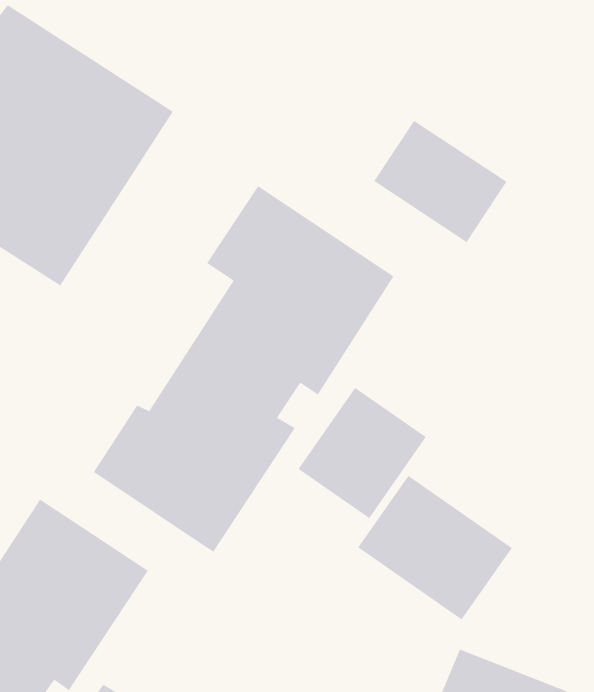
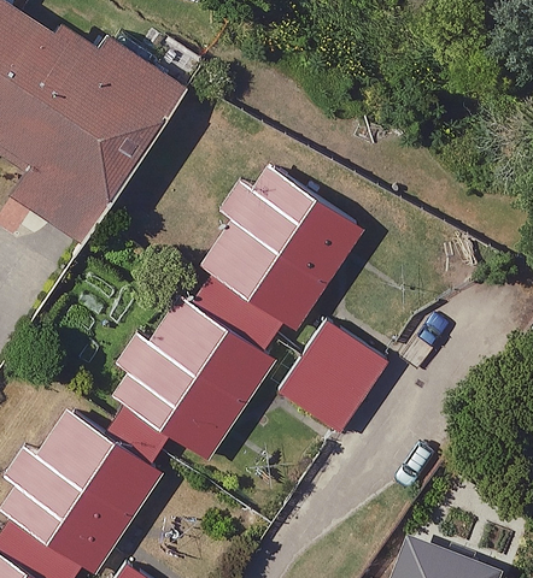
building: [373,120,508,243] -> none
building: [357,475,513,620] -> none

